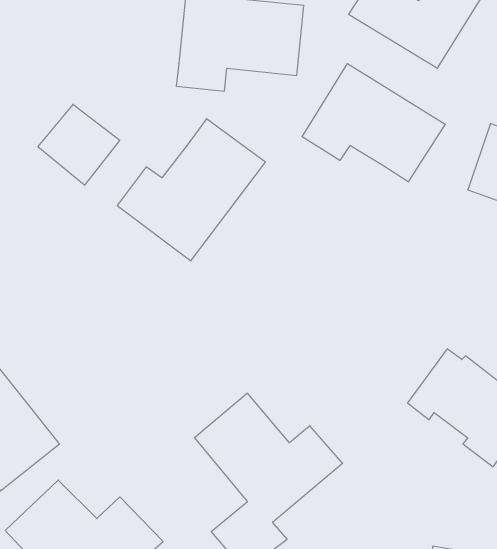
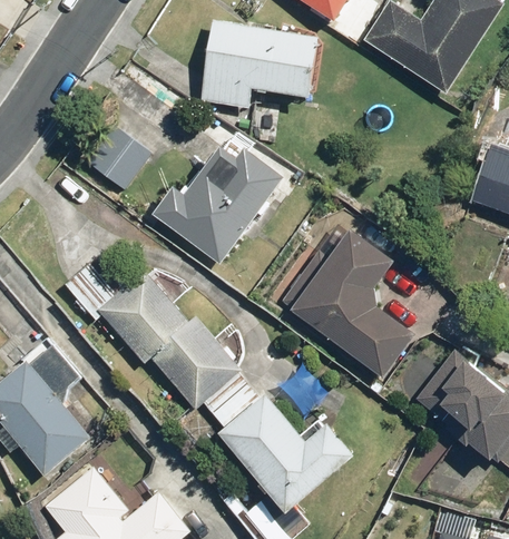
building: [302,64,445,182] -> none
building: none -> [276,228,417,381]
building: none -> [94,268,243,414]

